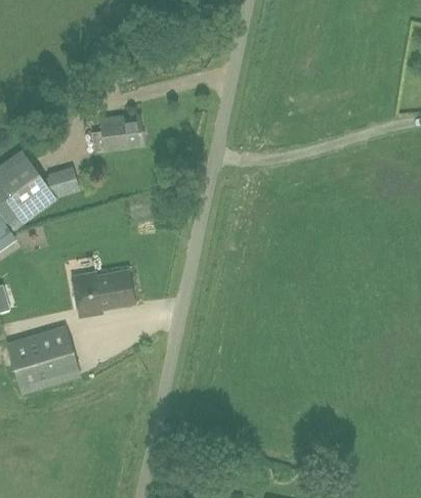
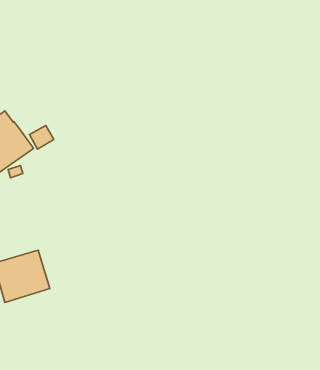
building: [91,116,143,150] -> none
building: [72,270,133,315] -> none

